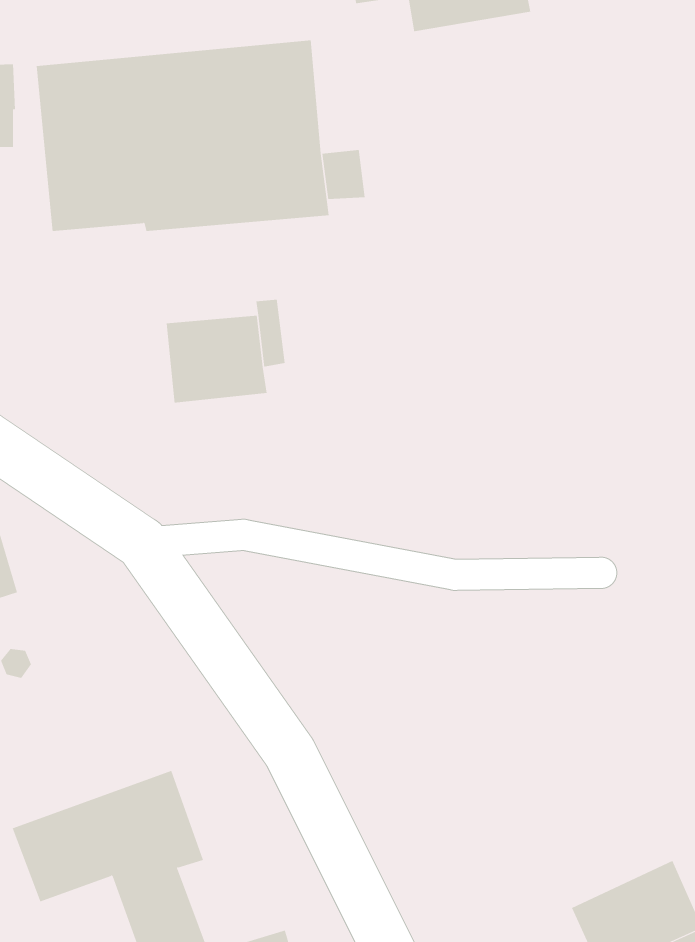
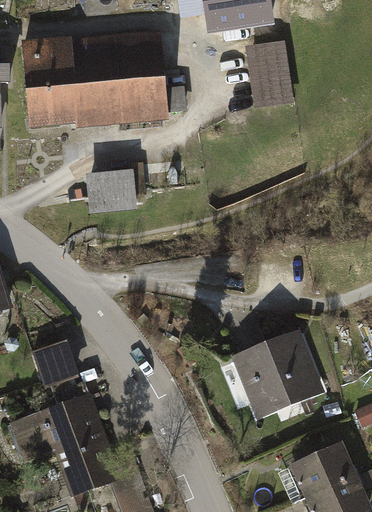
building: none -> [245,41,292,107]
building: none -> [233,331,324,418]
building: none -> [32,341,78,388]

